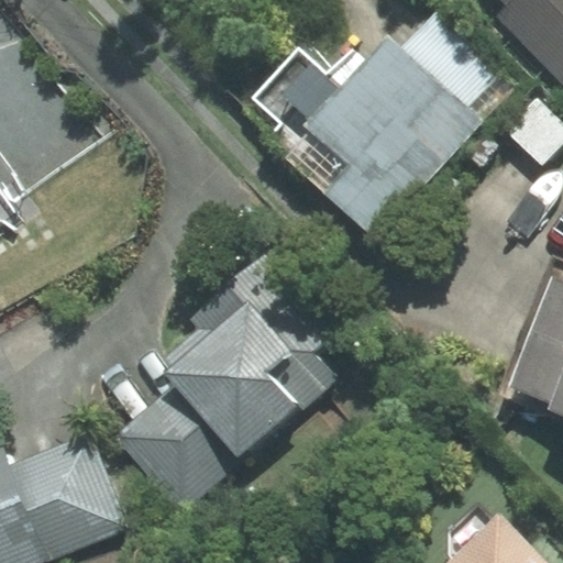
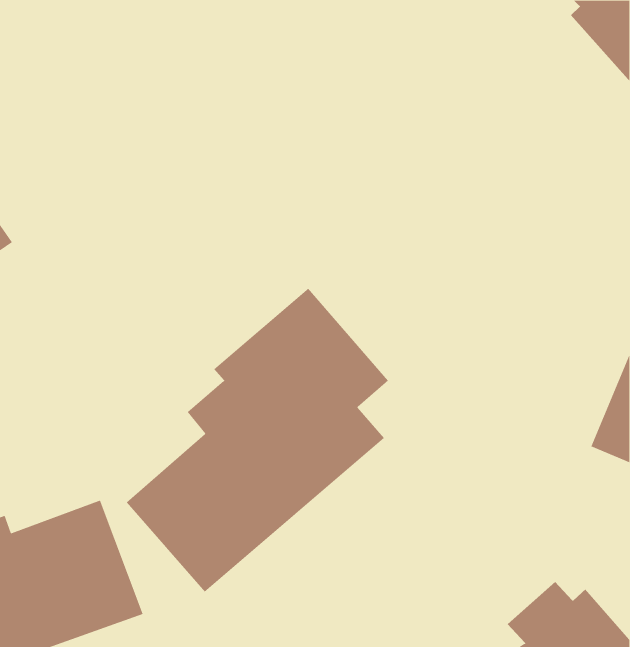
building: [309,11,506,241] -> none

